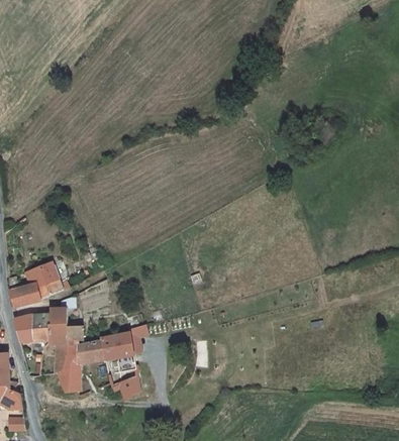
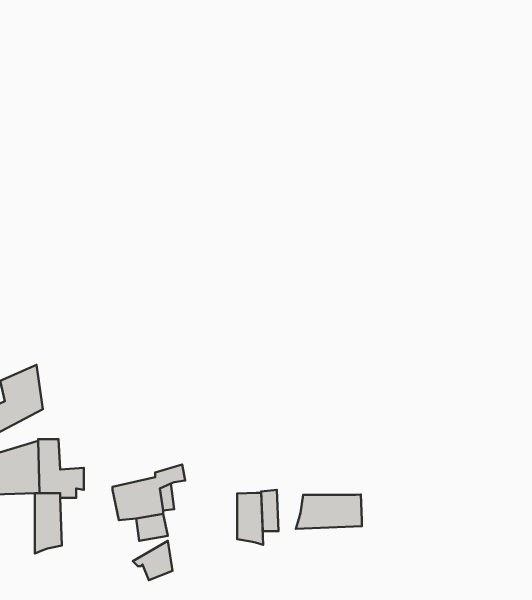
building: [60,340,105,392] -> none
building: none -> [237,493,263,545]
building: none -> [296,495,362,529]

